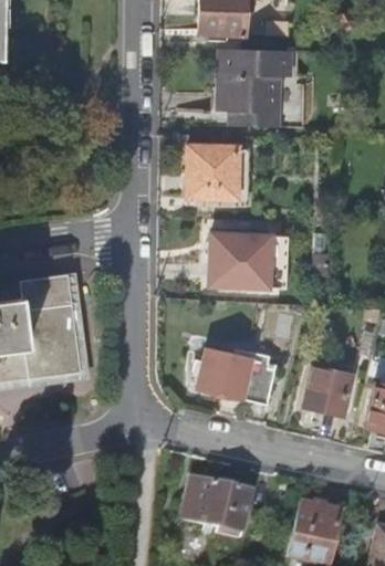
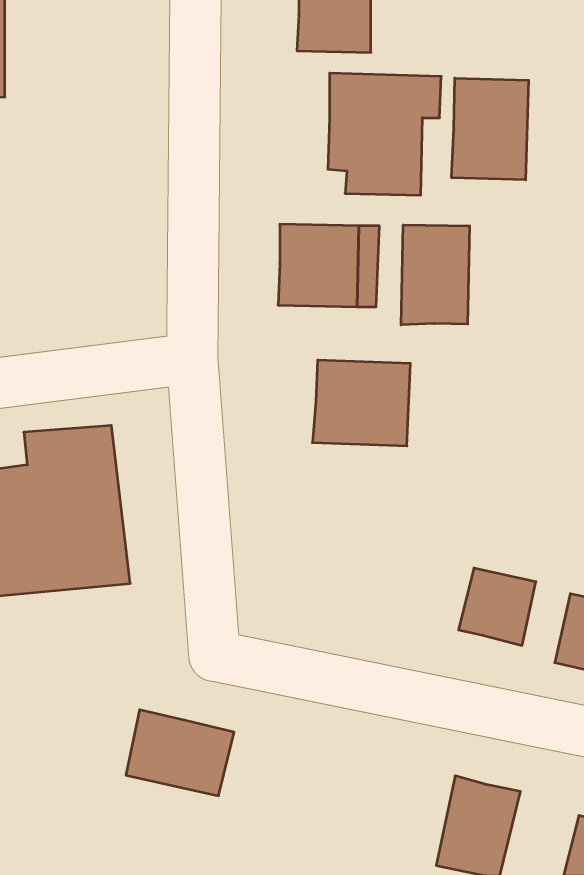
building: none -> [452,78,529,180]
building: none -> [401,225,470,325]
building: [195,348,275,403] -> none
building: [181,476,251,532] -> [126,710,234,796]

